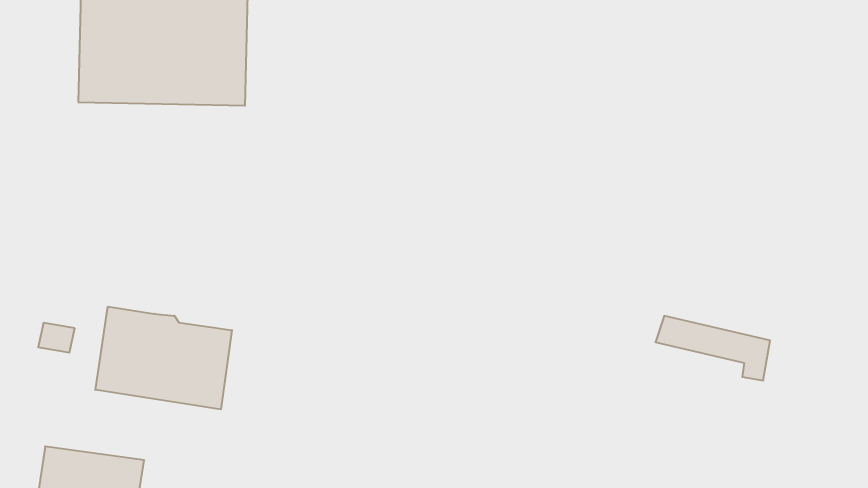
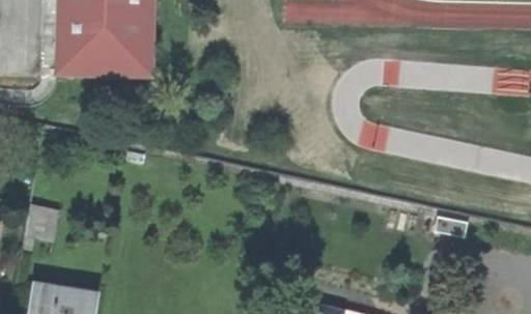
building: [95,307,232,409] -> none

